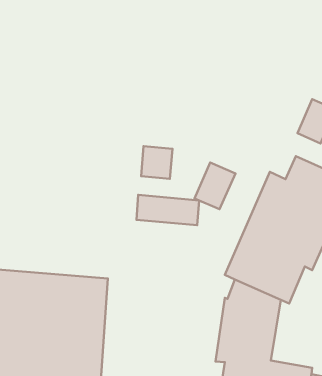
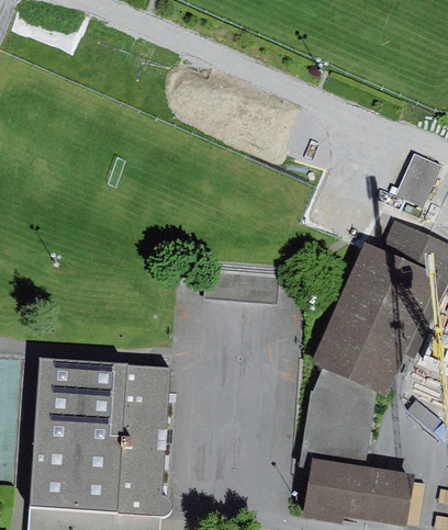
building: [141,146,172,179] -> none
building: [194,163,235,209] -> none

